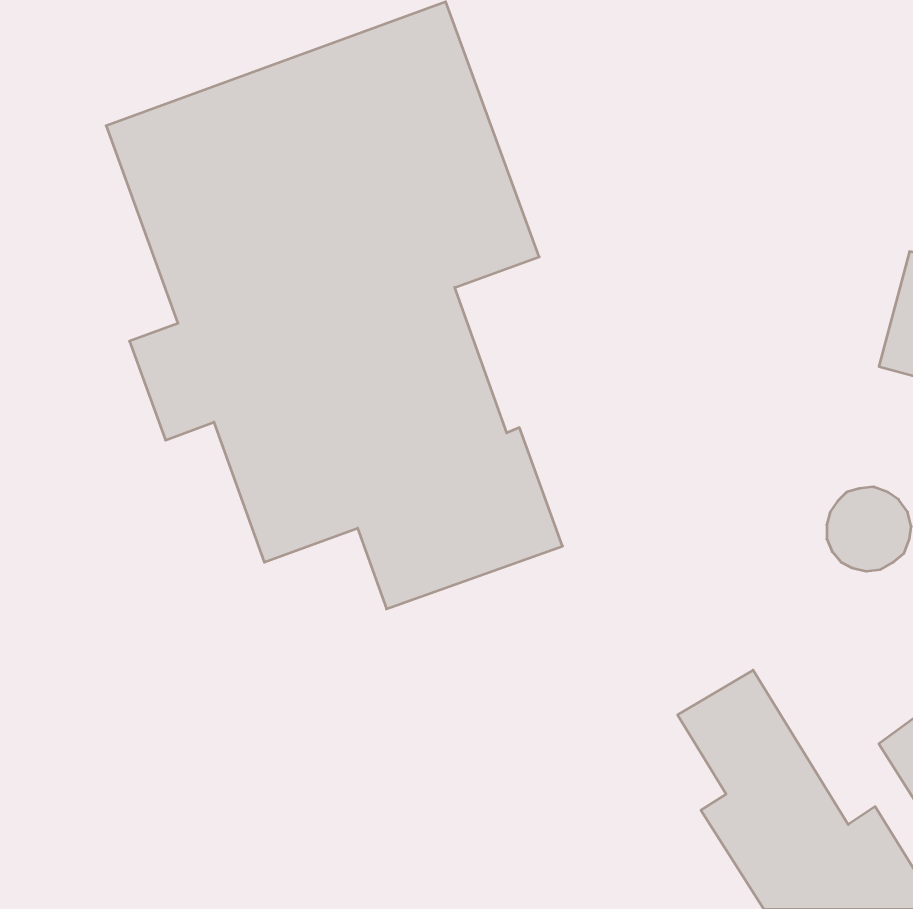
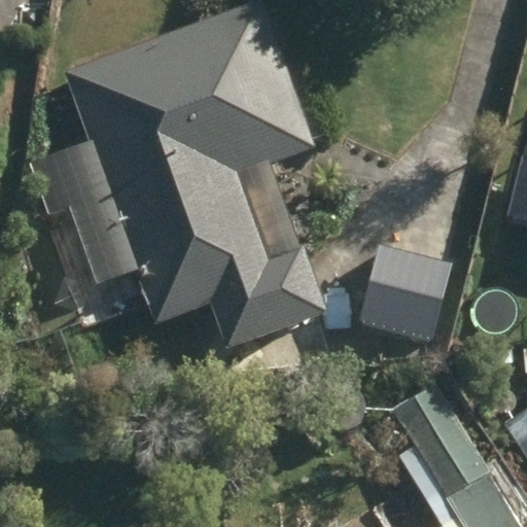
building: none -> [354,246,450,358]

